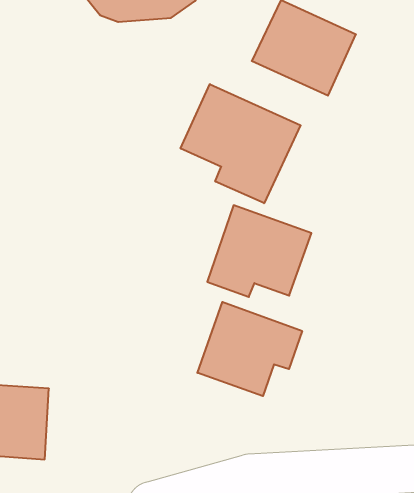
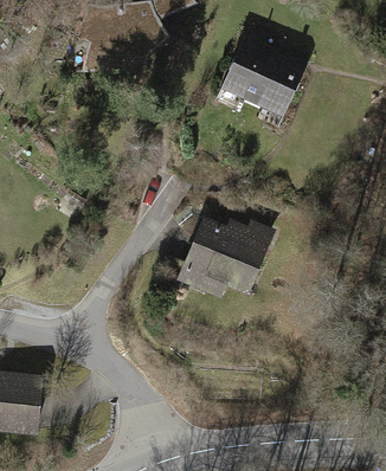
building: [181,84,301,203] -> none
building: [197,302,302,396] -> none

